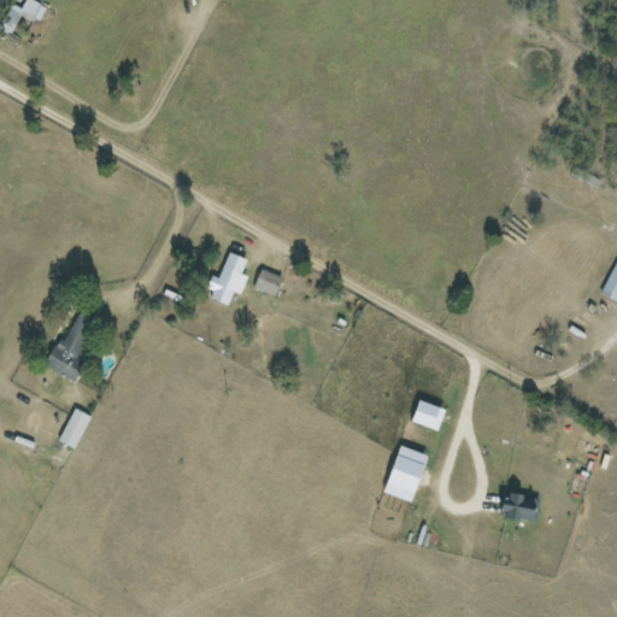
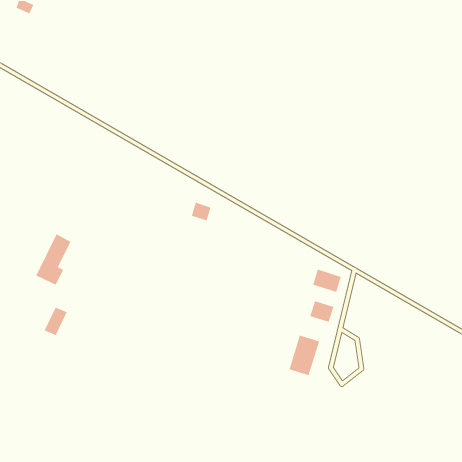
building: [206,252,247,305] -> none
building: none -> [312,269,342,293]
building: [503,492,539,522] -> none

